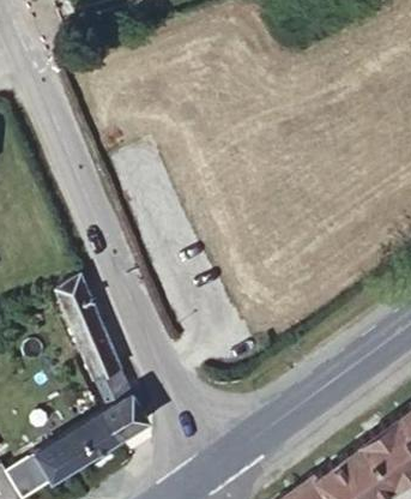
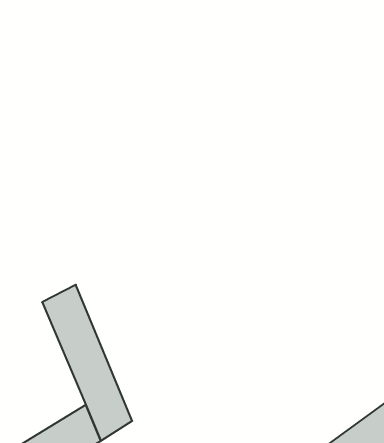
building: [41,276,95,323] -> none

